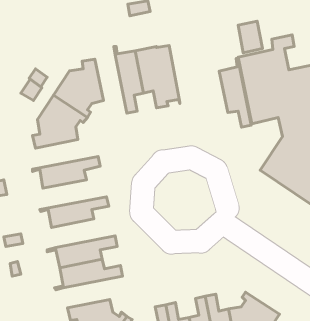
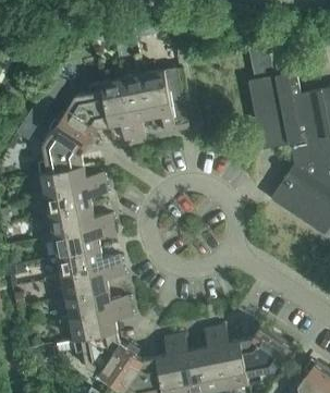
building: [219,58,251,127] -> [101,71,134,142]
building: none -> [36,167,105,197]
building: none -> [45,208,113,238]
building: none -> [52,248,122,280]
building: none -> [61,307,132,340]

